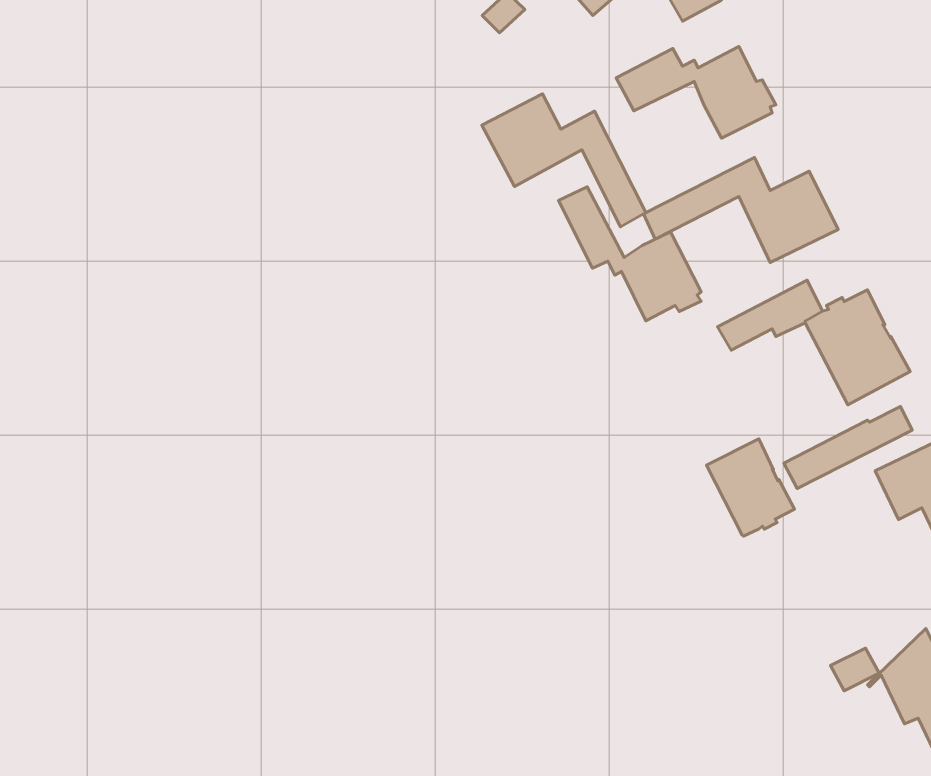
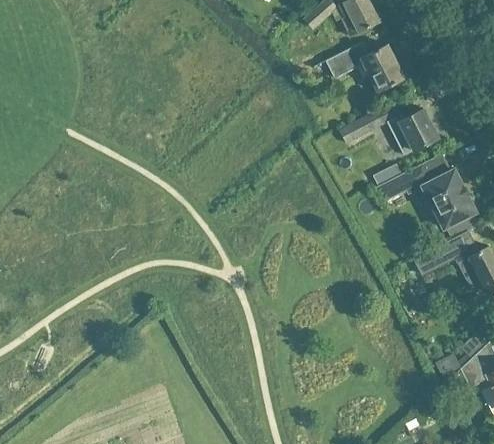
building: [482,94,646,227] -> none
building: [559,187,701,321] -> none
building: [706,439,794,536] -> none

